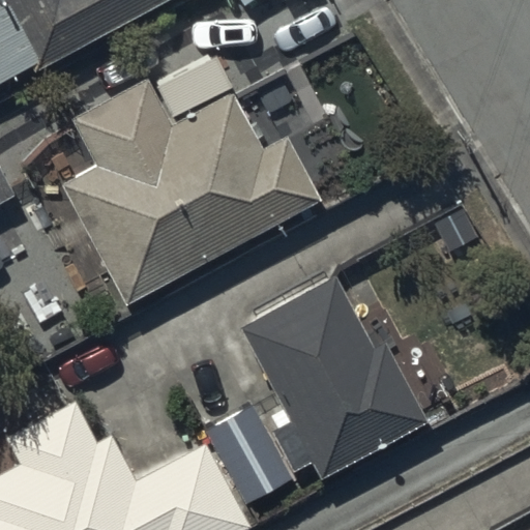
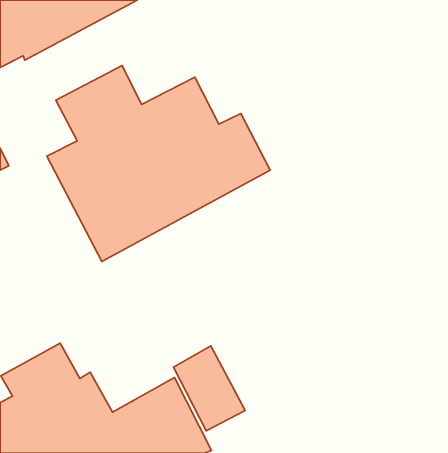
building: [240,275,425,475] -> none

